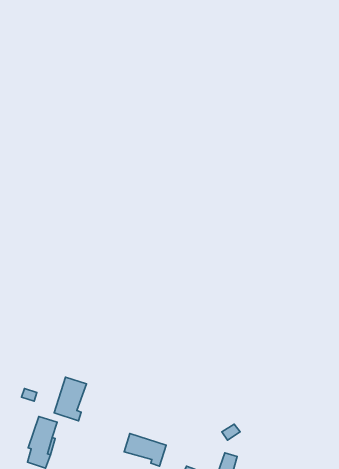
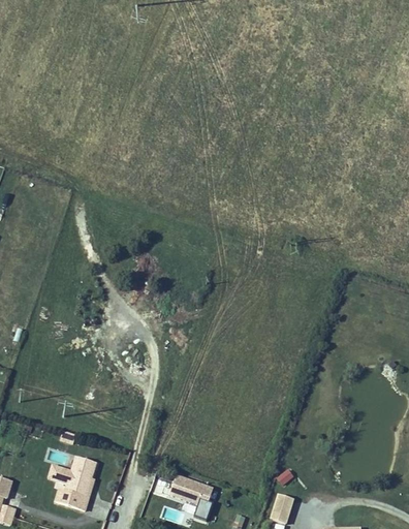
building: [54,377,87,421] -> none

